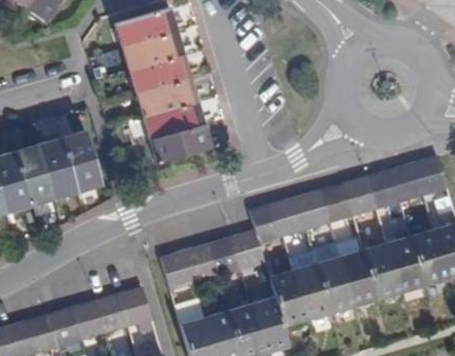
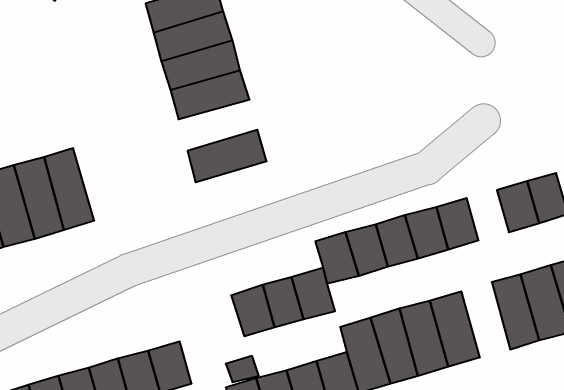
building: [142,98,203,139] -> none
building: [60,129,101,193] -> none
building: [367,169,400,208] -> none
building: [363,241,401,300] -> none
building: [160,251,193,289] -> none

